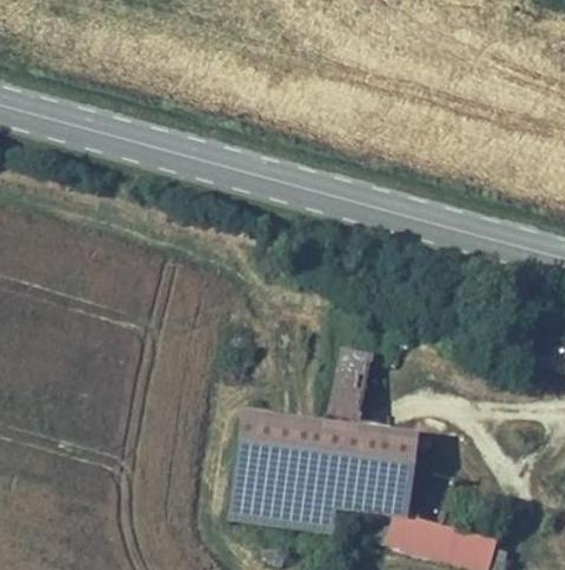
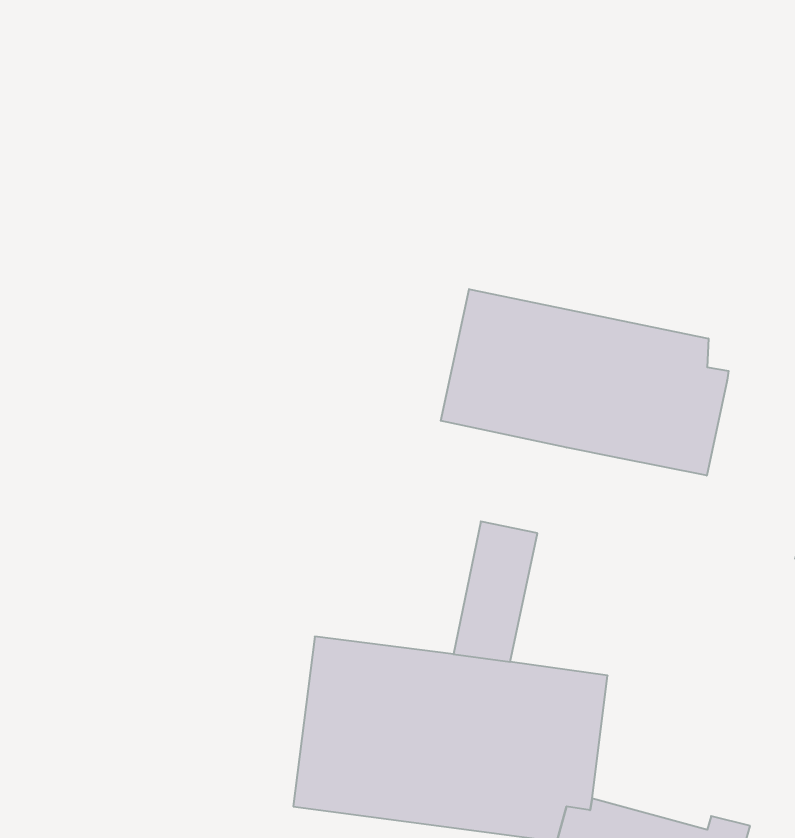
building: none -> [441,289,729,476]

